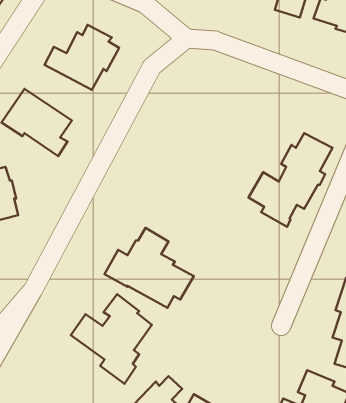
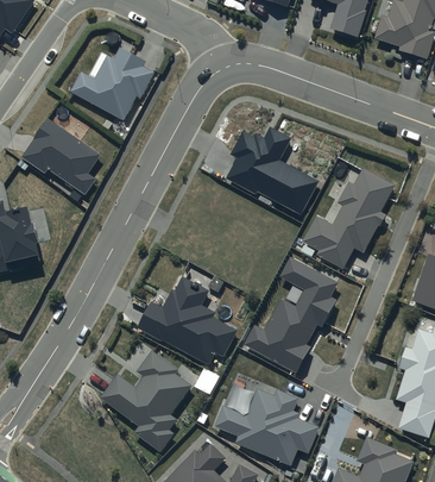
building: none -> [226,125,319,214]
building: none -> [244,256,338,373]
building: none -> [214,388,319,465]

